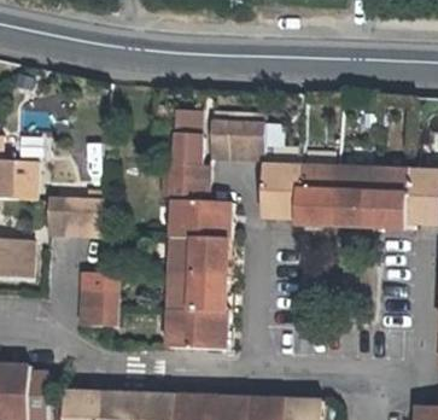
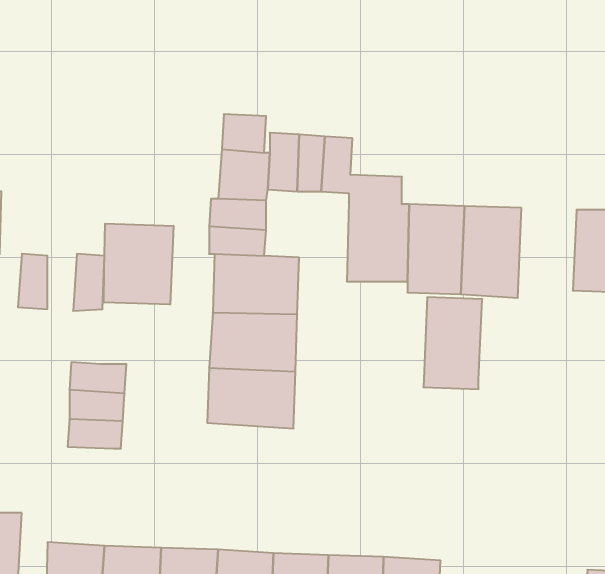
building: [372,169,410,229] -> [423,297,482,389]
building: none -> [104,224,173,305]
building: [167,310,224,350] -> none

